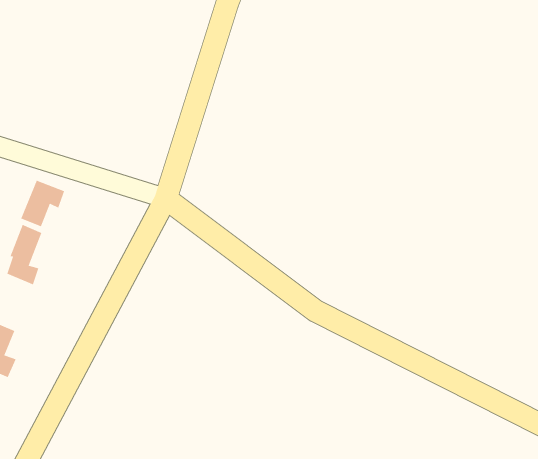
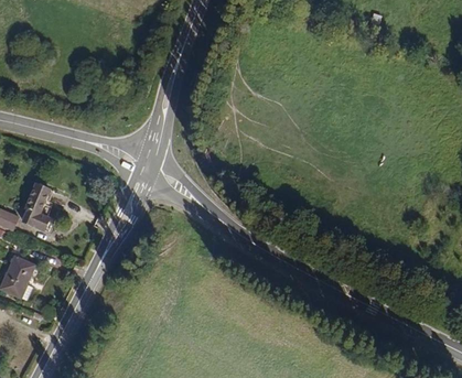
building: [21,180,65,227] -> none

